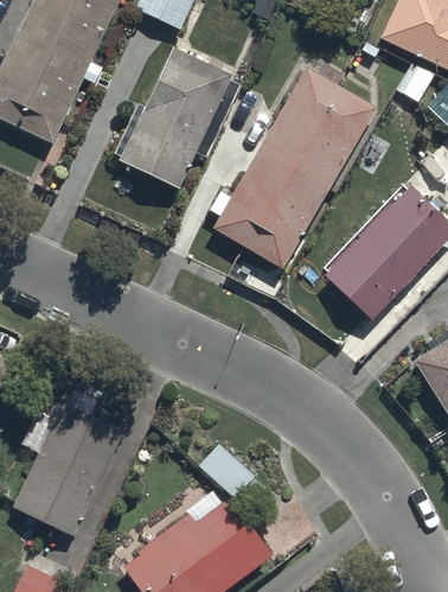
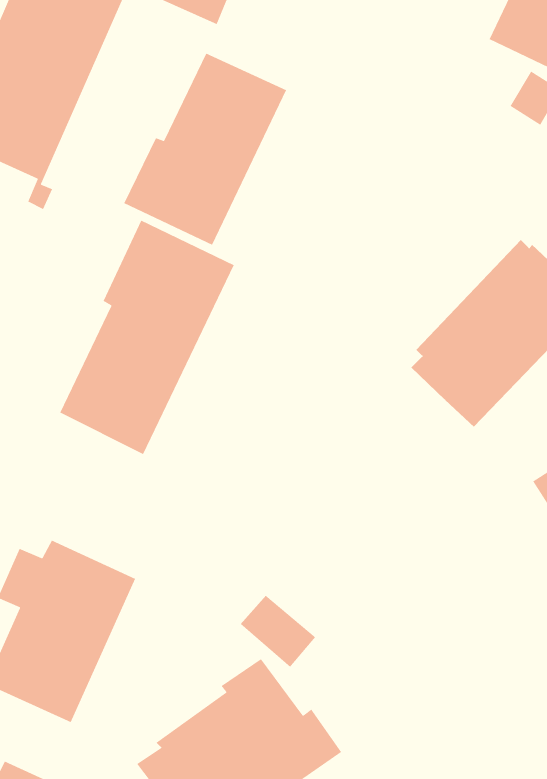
building: [210,63,377,269] -> none
building: none -> [59,219,235,455]

